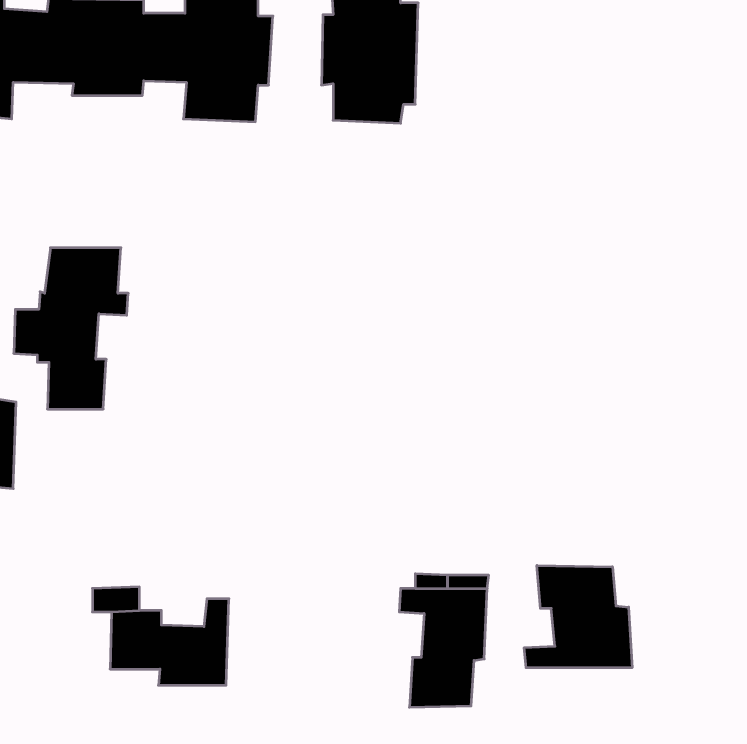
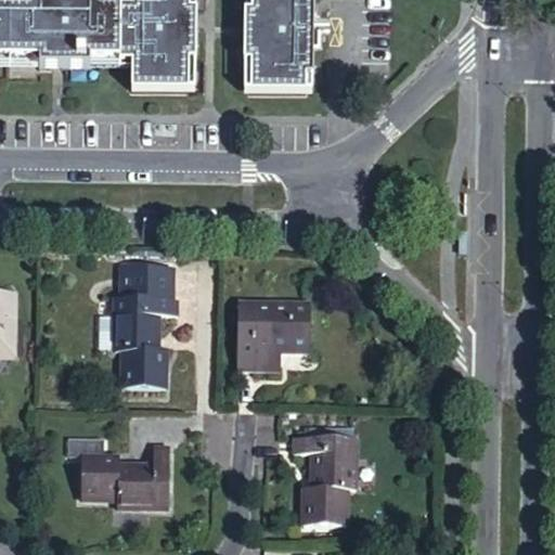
building: [14,248,128,409] -> [93,263,178,383]
building: none -> [237,305,310,370]
building: [524,565,632,668] -> none

